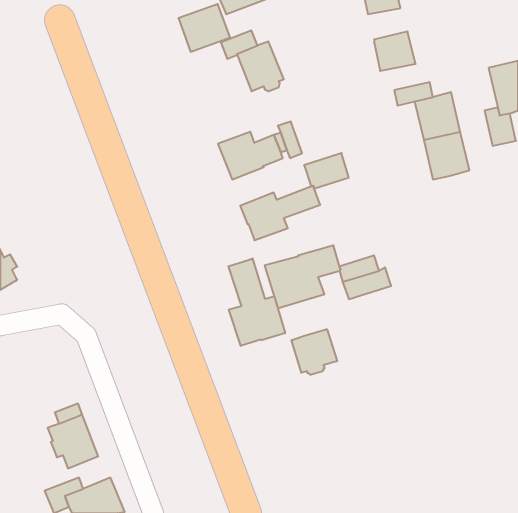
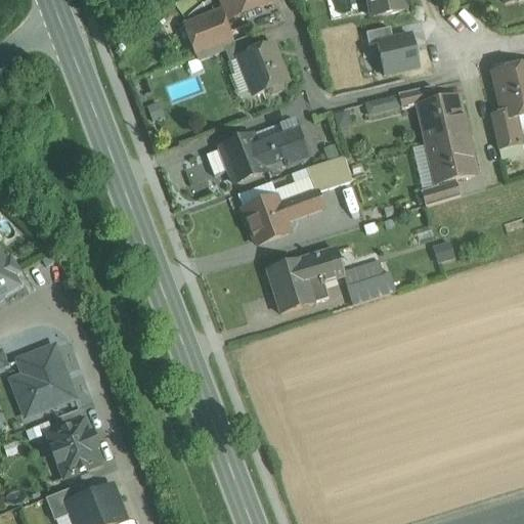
building: none -> [421,177,461,204]
building: [228,258,285,346] -> none
building: [292,329,337,375] -> none
building: none -> [15,345,74,414]

